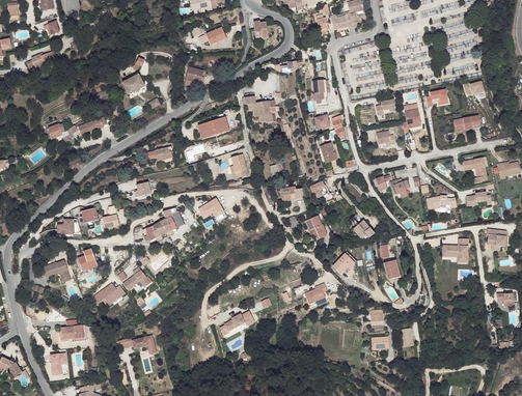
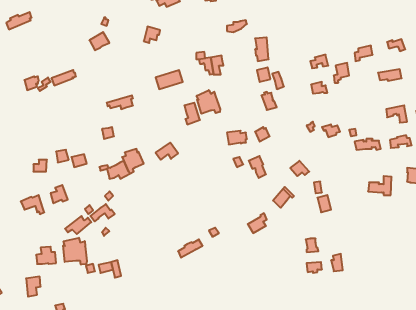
building: none -> [197,90,220,114]
building: none -> [63,238,87,265]

